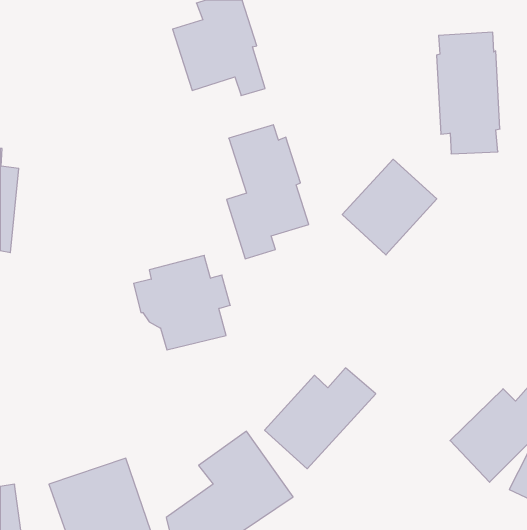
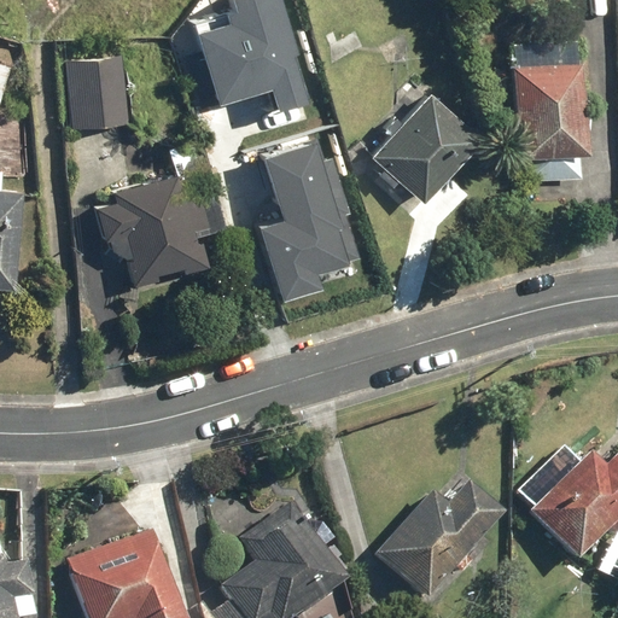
building: none -> [70,56,134,128]
building: [342,159,437,255] -> [368,92,478,203]
building: [134,255,230,350] -> [93,174,205,284]
building: [265,368,376,469] -> [372,484,501,601]

